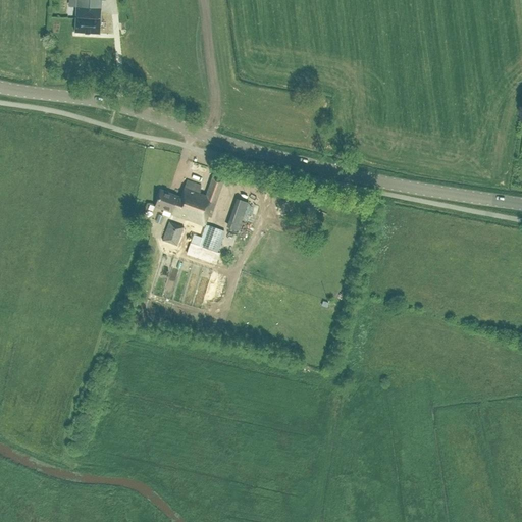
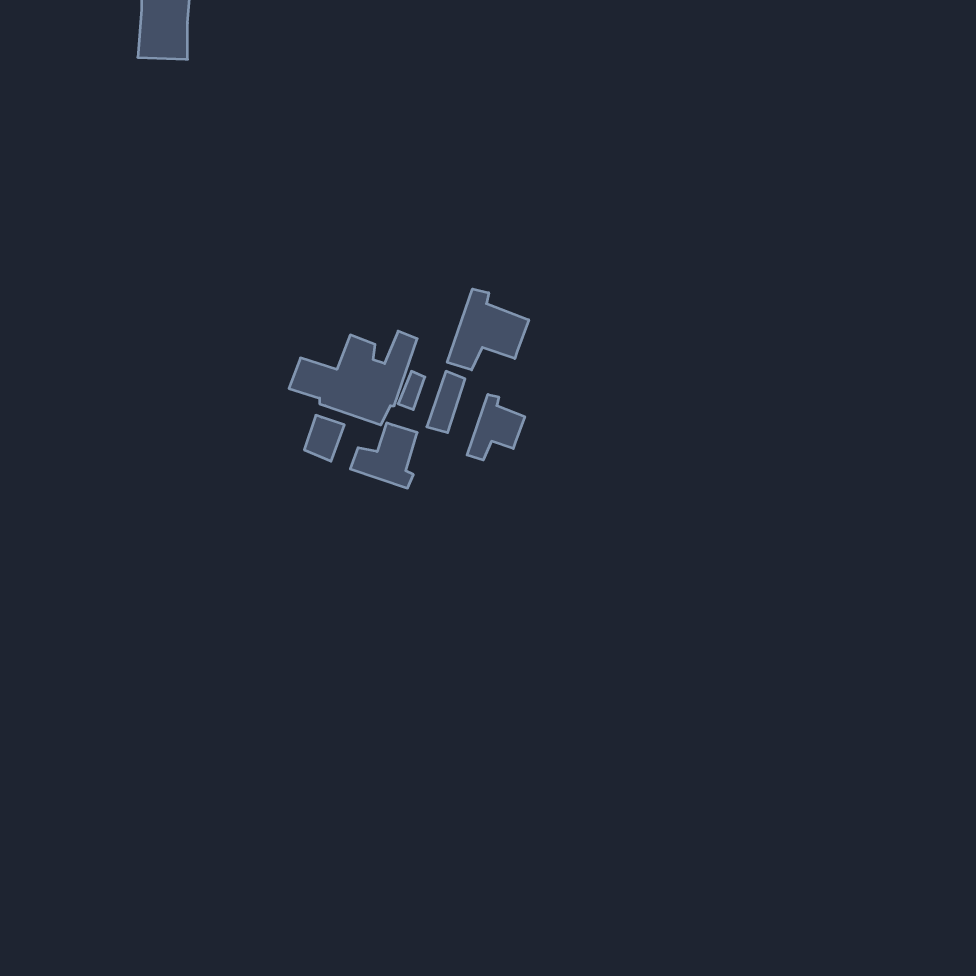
building: none -> [447,289,529,370]
building: none -> [467,394,525,460]

